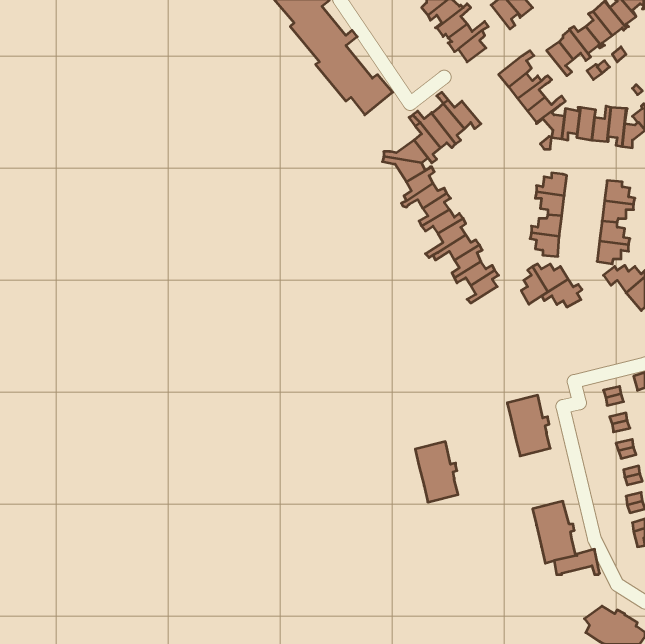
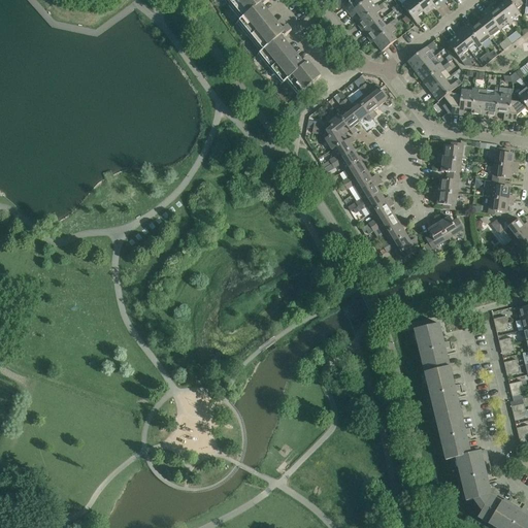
building: [542,279,582,307] -> [385,234,418,257]
building: [415,442,458,502] -> [425,366,460,416]
building: none -> [459,462,492,505]

